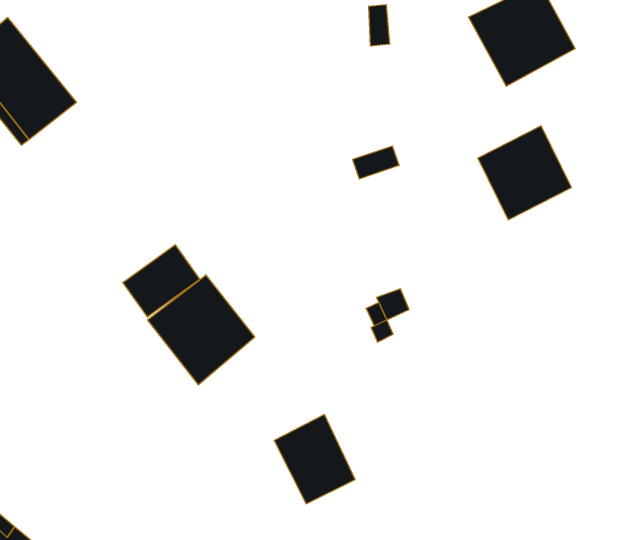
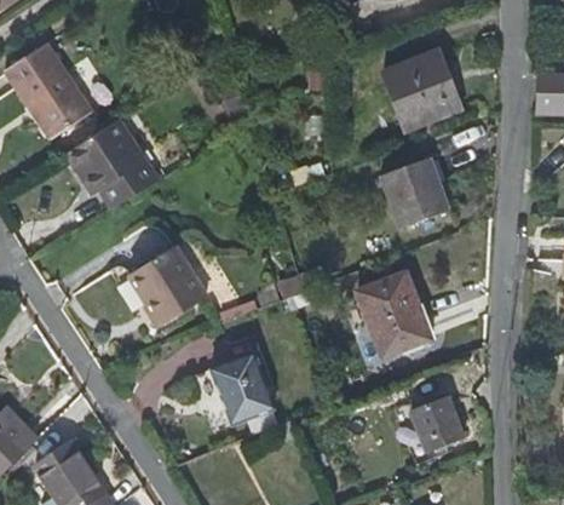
building: none -> [67,108,160,208]
building: none -> [347,274,428,352]
building: none -> [412,395,462,451]

